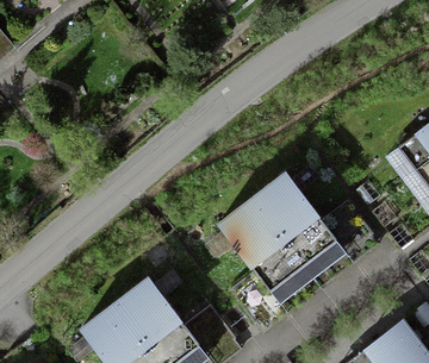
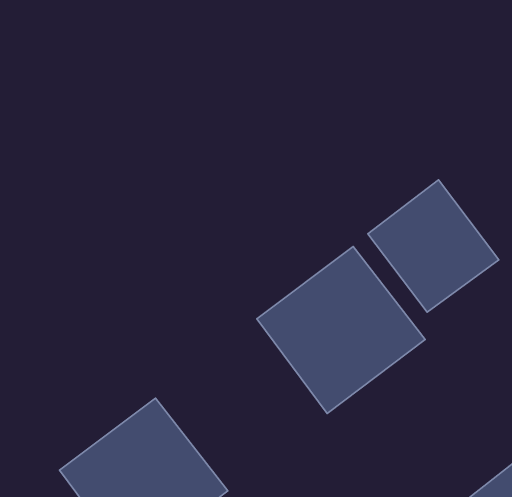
building: none -> [368,180,499,312]

